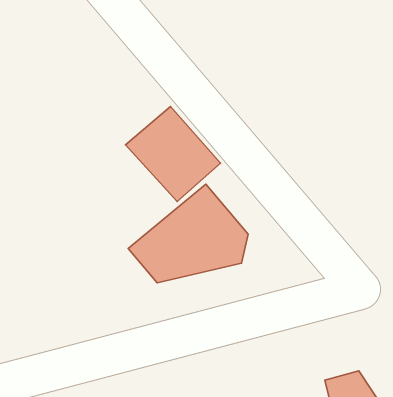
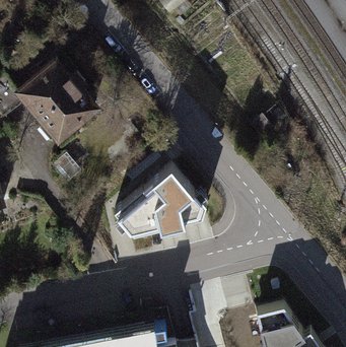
building: [126,107,221,201] -> [21,65,94,138]

